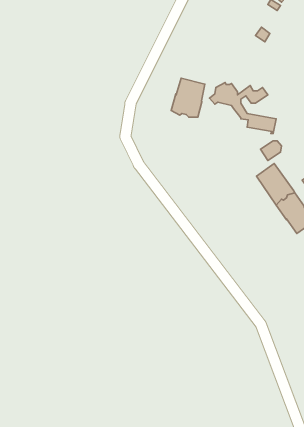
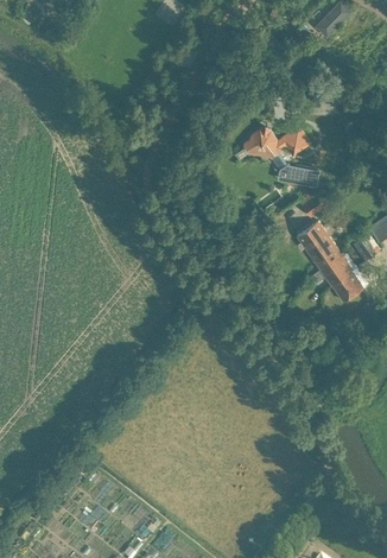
building: [171,78,205,117] -> none

